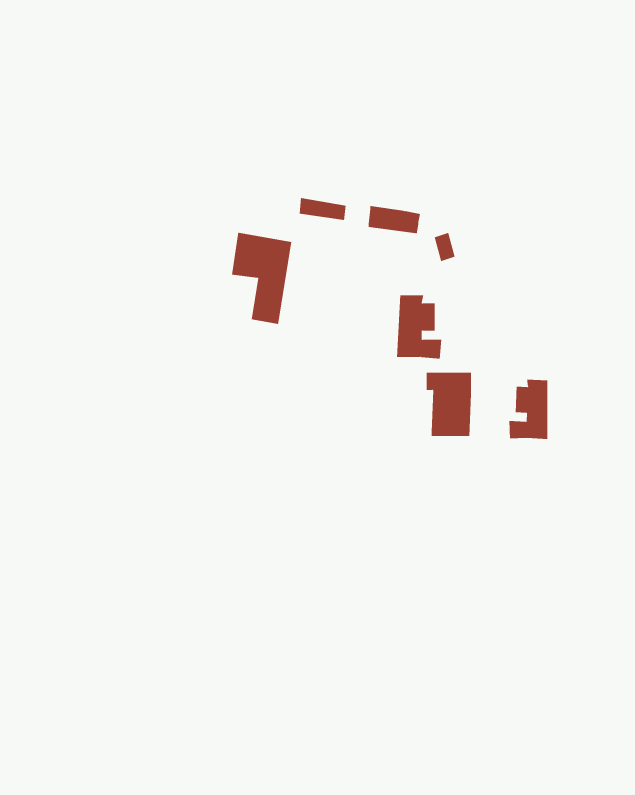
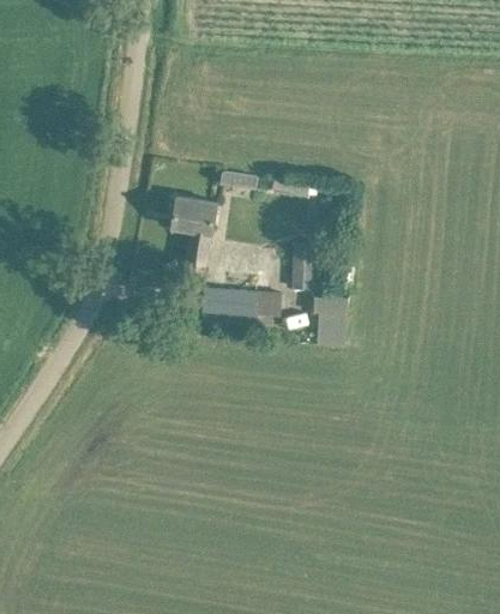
building: none -> [201,265,281,318]
building: [509,379,548,440] -> none

